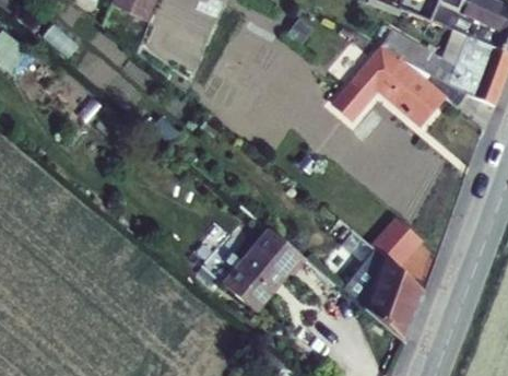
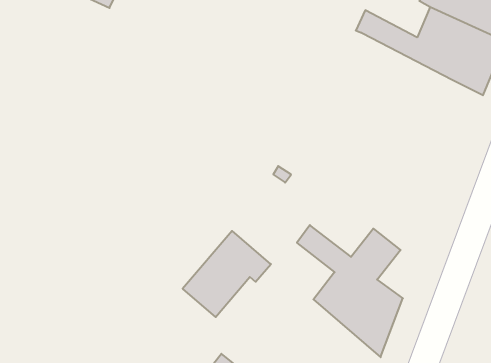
building: [338,44,468,118] -> none

